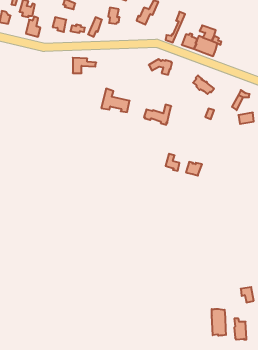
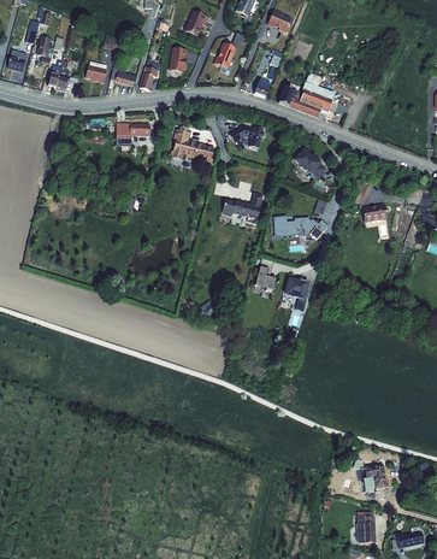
building: [101,89,130,112] -> [171,128,213,163]
building: none -> [273,216,327,239]
building: [212,309,226,336] -> none

